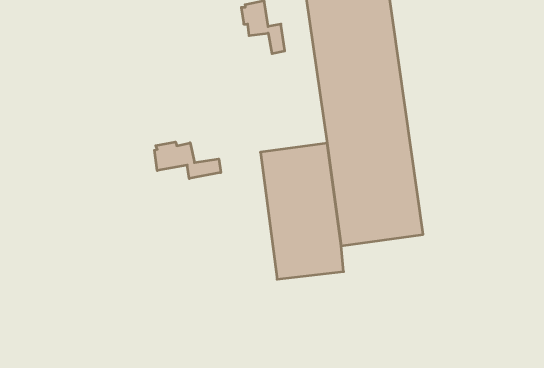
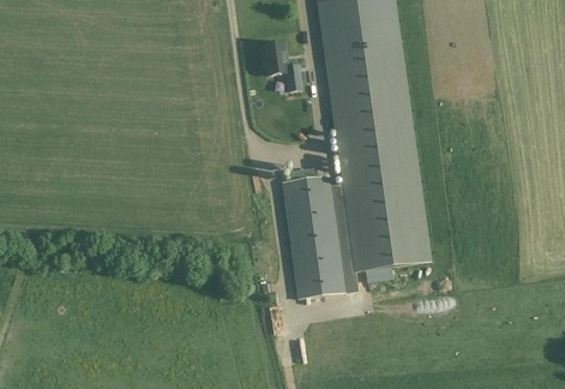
building: [154,142,221,179] -> none

